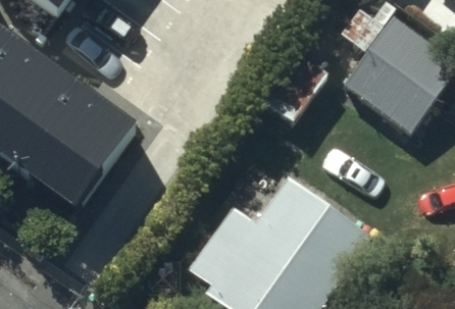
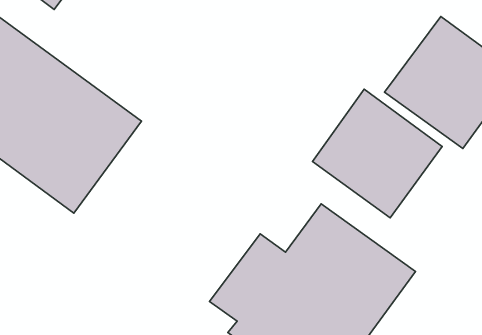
building: none -> [313,89,442,218]

